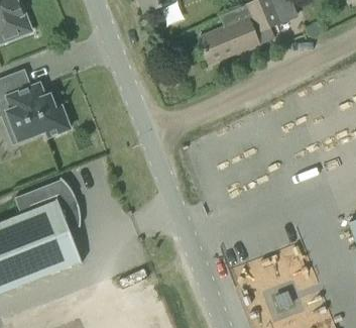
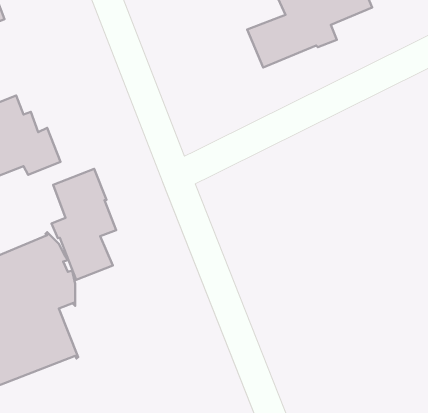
building: none -> [51,169,116,280]

